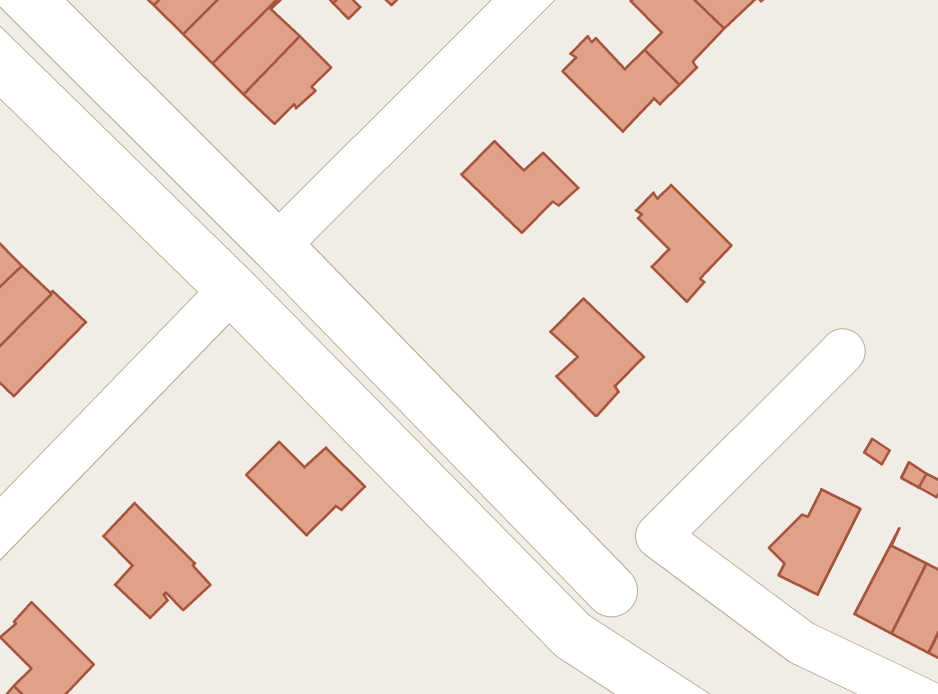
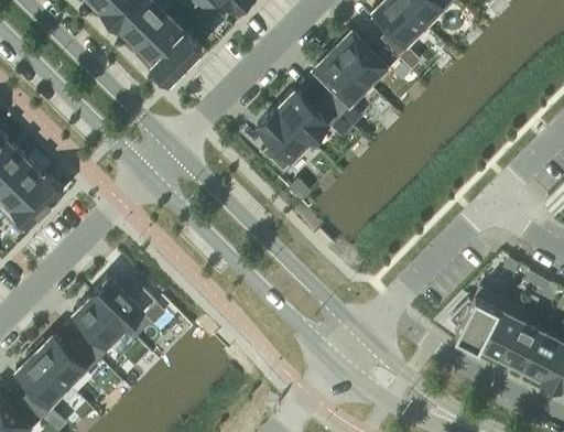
building: [636,185,731,302] -> [313,53,367,119]
building: [550,299,644,415] -> [257,111,310,177]
building: [246,442,365,535] -> [90,279,158,332]
building: none -> [477,301,523,360]
building: none -> [32,337,99,389]

